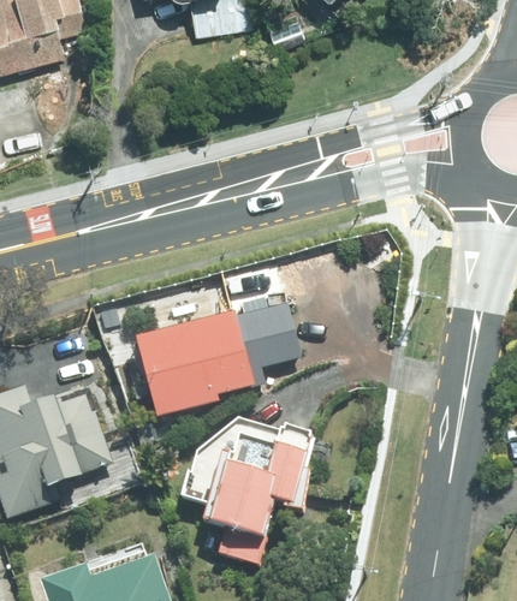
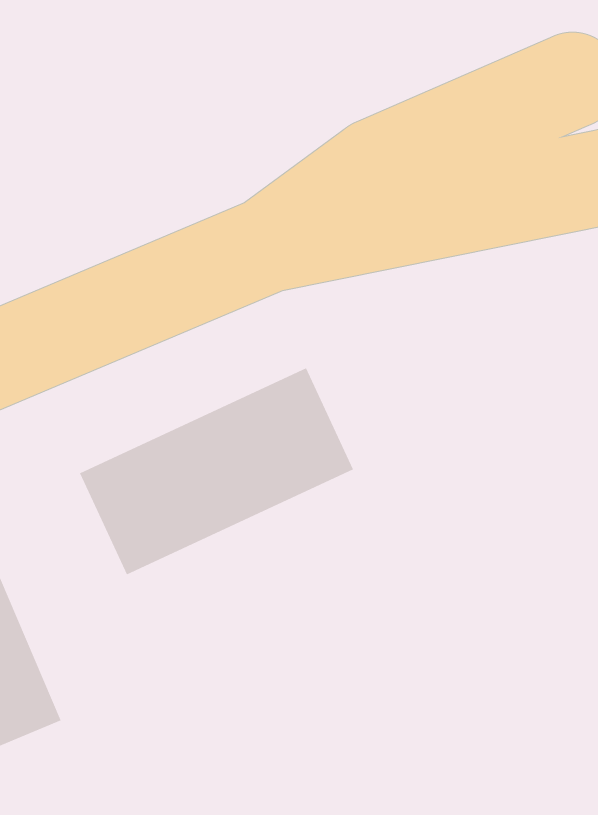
building: [194,423,297,548] -> none

